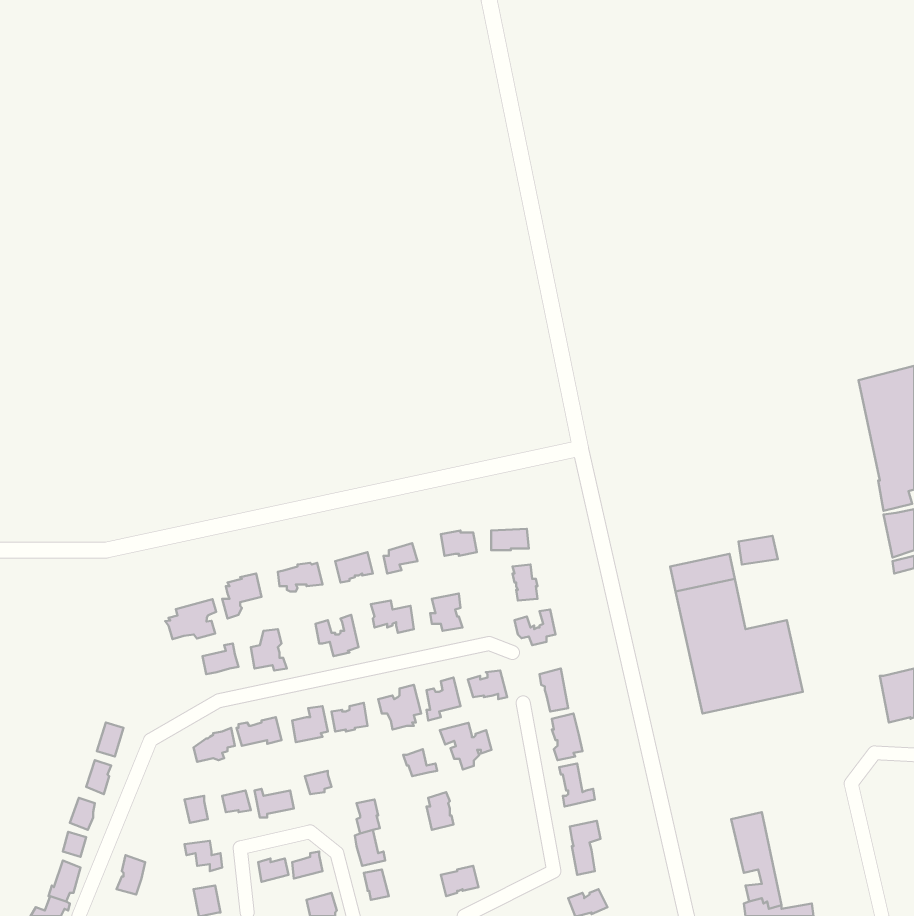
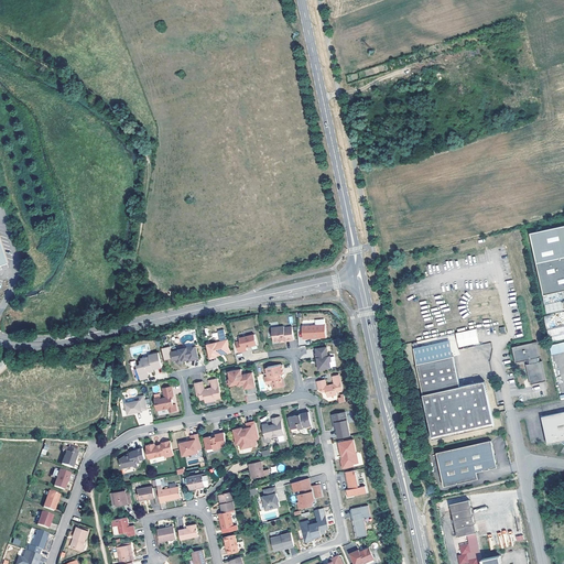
building: none -> [511,340,545,383]
building: [165,599,216,639] -> none
building: none -> [435,440,496,486]
building: [440,723,492,770] -> [291,478,323,507]
building: none -> [301,508,328,541]

